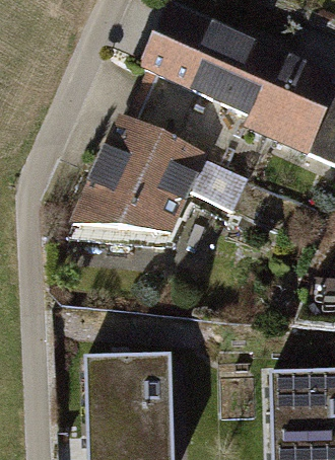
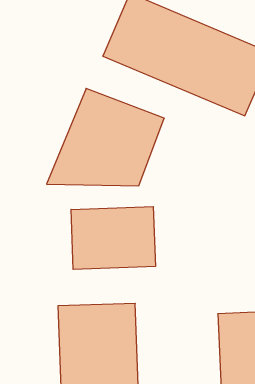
building: none -> [71,207,155,269]

